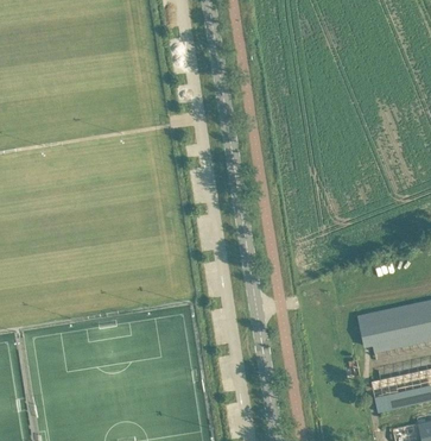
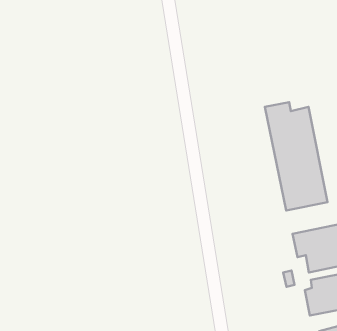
building: none -> [265,102,327,211]

